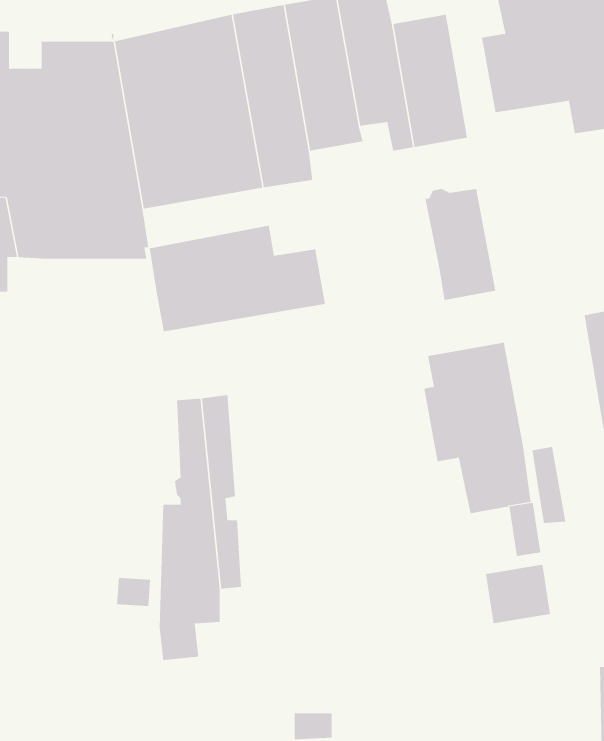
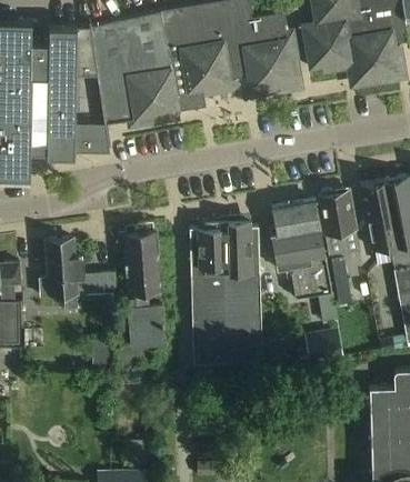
building: [425,189,496,300] -> [318,191,359,255]
building: [149,225,326,332] -> none
building: none -> [189,221,262,364]
building: none -> [38,235,114,308]

